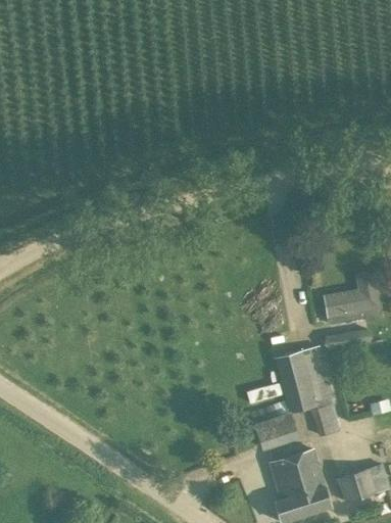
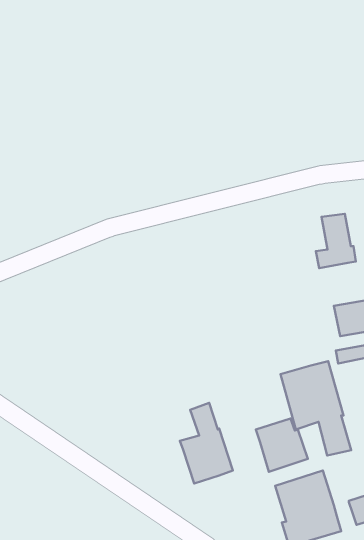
building: none -> [316,214,356,268]
building: none -> [180,403,233,483]

